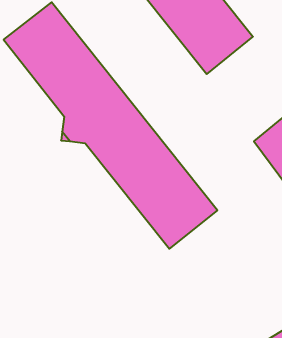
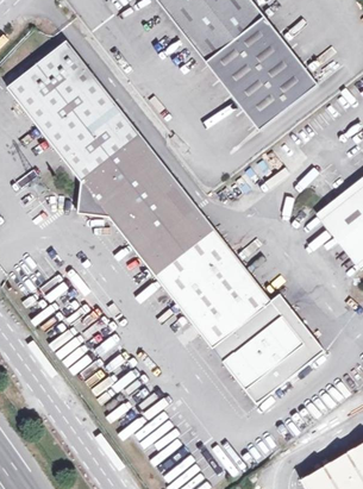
building: none -> [213,293,326,402]

